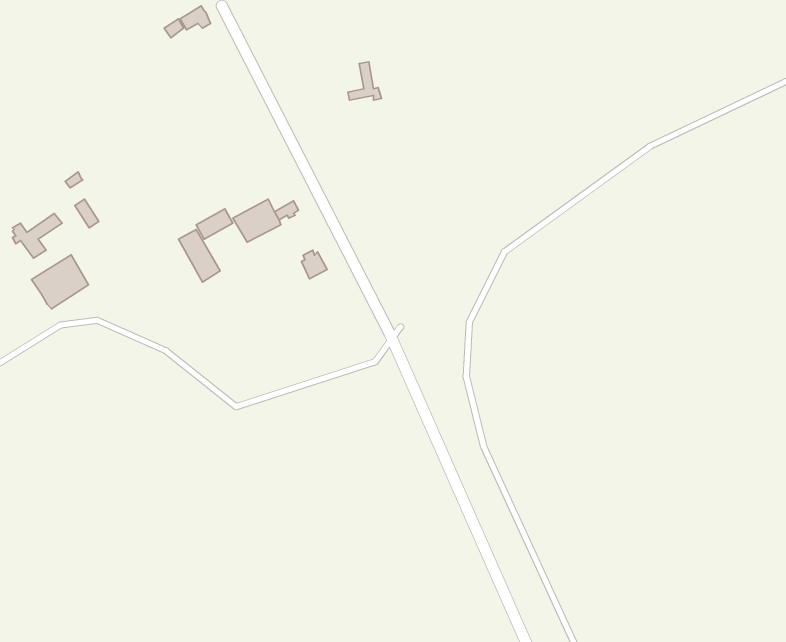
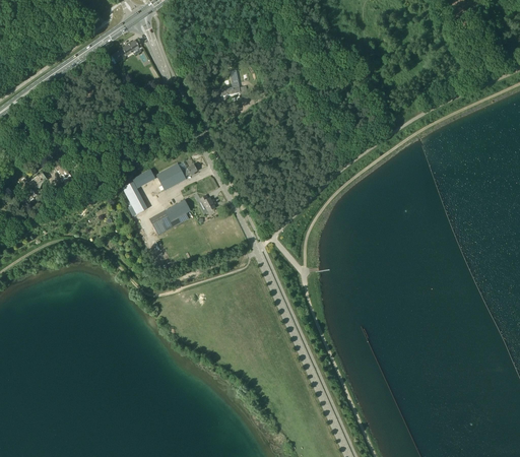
building: [32,255,88,309] -> none
building: none -> [148,199,189,235]

